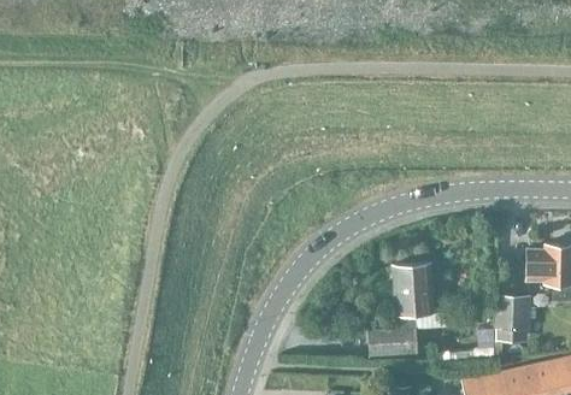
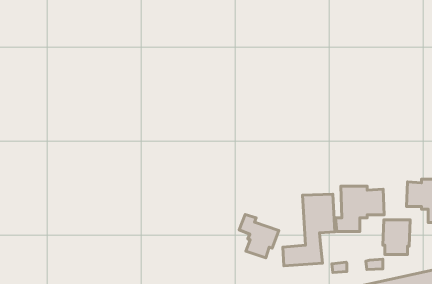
building: none -> [336,186,384,231]
building: none -> [239,214,279,258]

